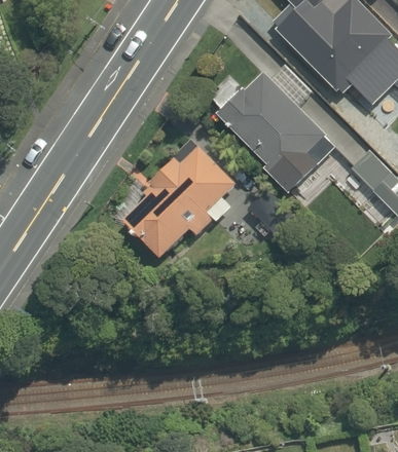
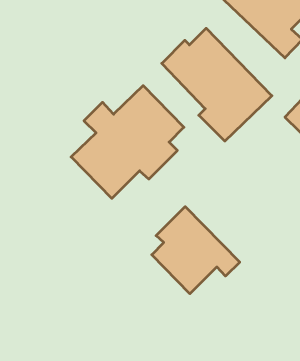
building: none -> [152,207,240,294]

